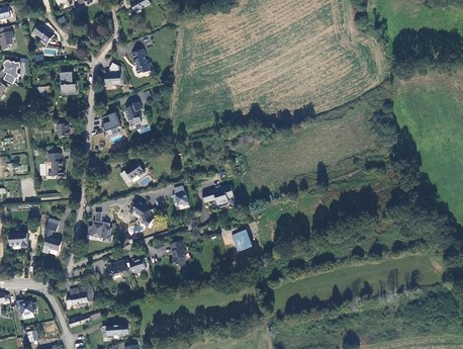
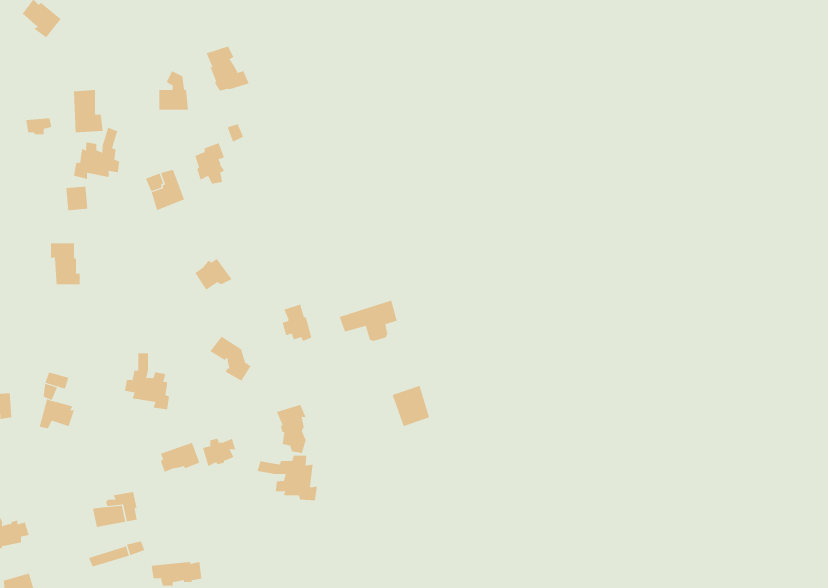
building: none -> [73,127,120,180]
building: none -> [257,455,318,501]

